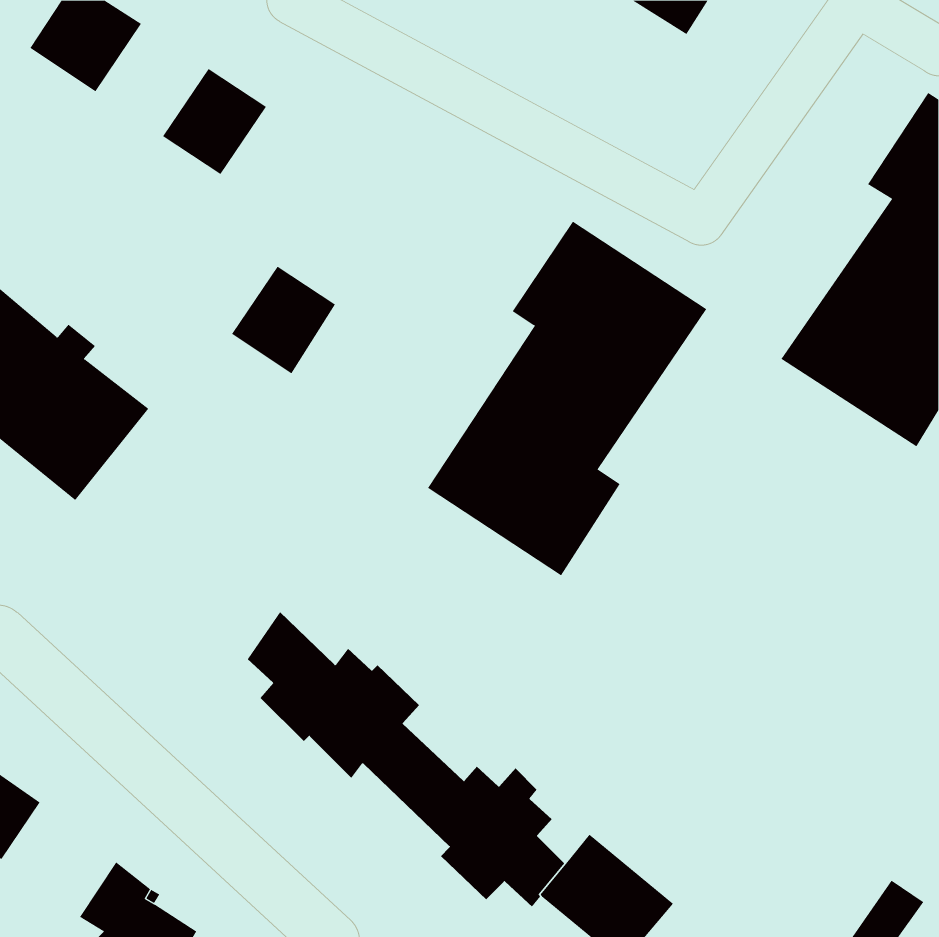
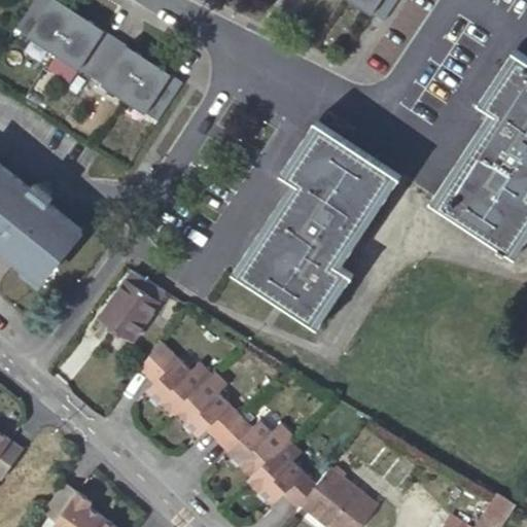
building: none -> [54,15,116,78]
building: [231,266,336,374] -> [124,62,182,122]
building: none -> [100,268,165,341]

